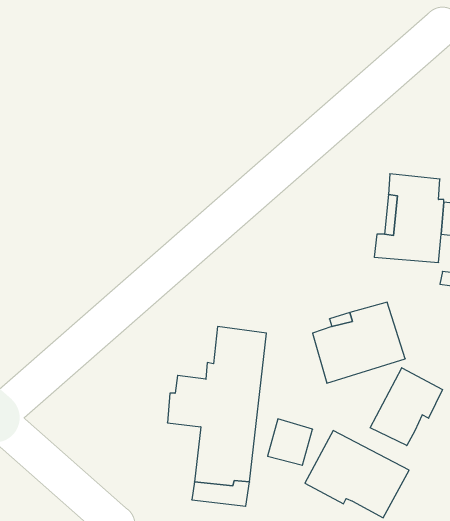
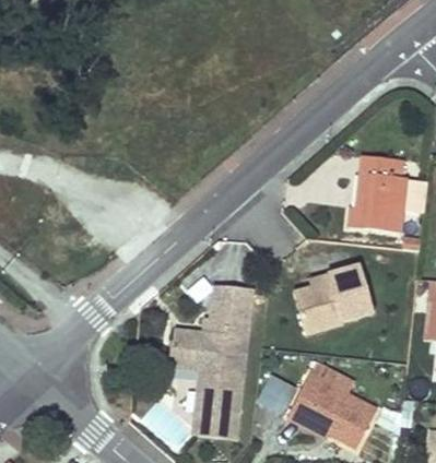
building: [370,368,443,446] -> none

